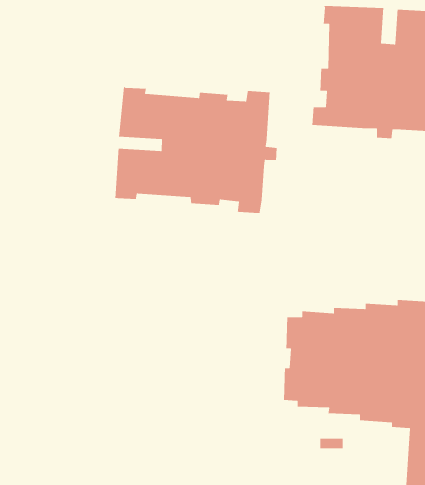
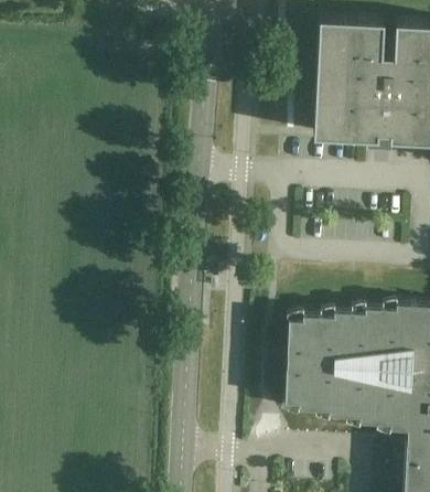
building: [114,86,277,214] -> none

